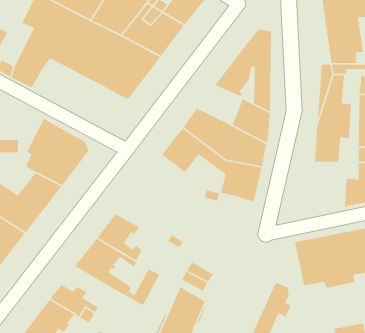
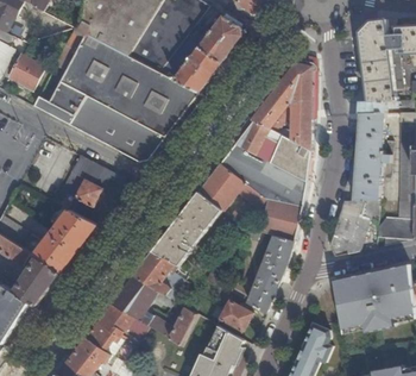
building: none -> [68,95,165,161]
building: none -> [234,121,281,162]
building: none -> [152,192,222,267]
building: none -> [330,200,370,255]
building: none -> [247,234,292,312]
building: none -> [97,305,149,340]

